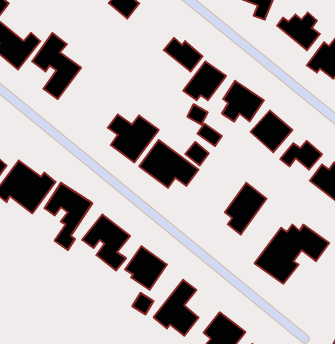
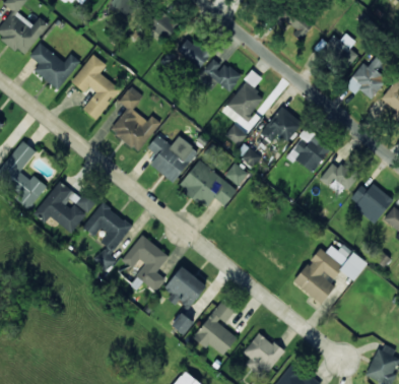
building: none -> [177,37,210,69]
building: none -> [110,86,160,152]
building: [225,183,267,235] -> none

